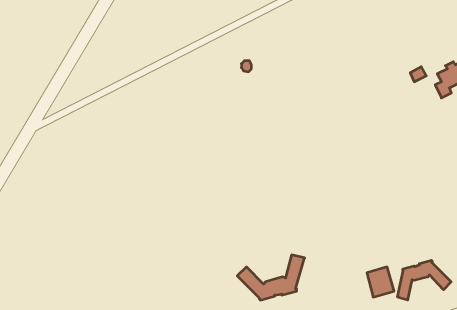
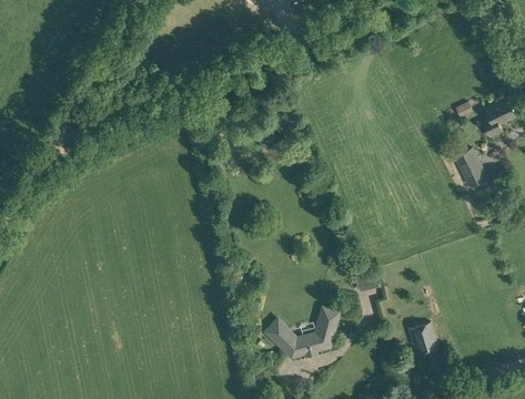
building: none -> [454,146,488,186]
building: [398,260,451,300] -> none

